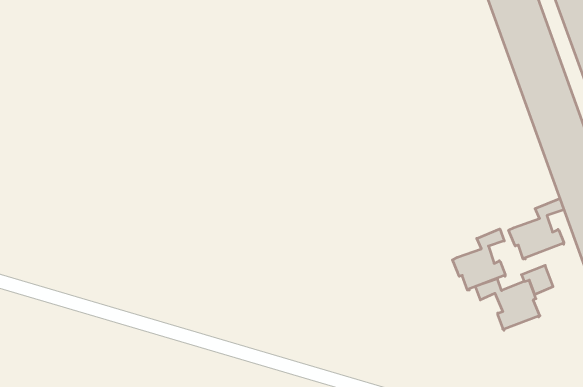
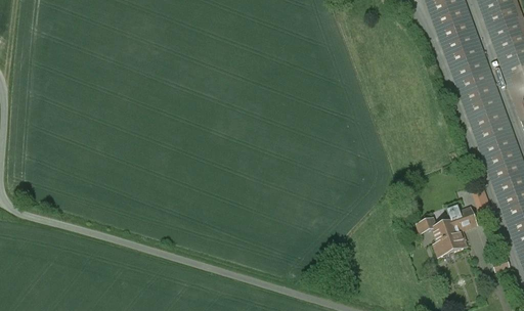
building: [509,198,564,259] -> none
building: [452,229,505,290] -> none

